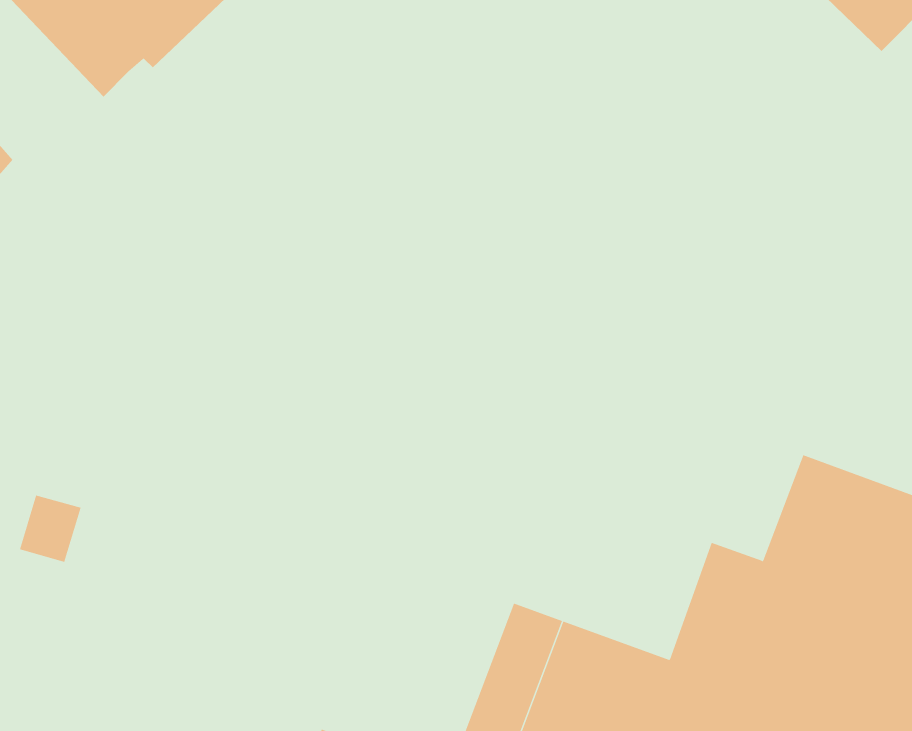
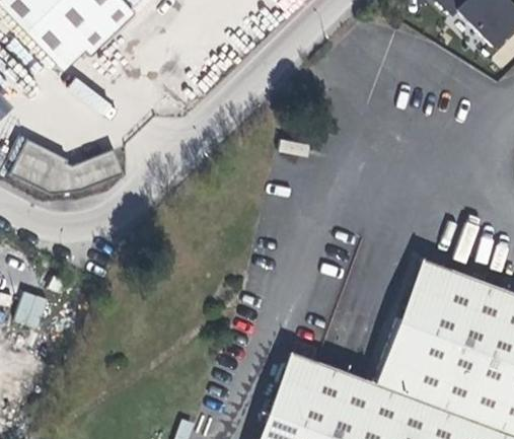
building: none -> [12,138,127,194]
building: none -> [401,258,452,327]

